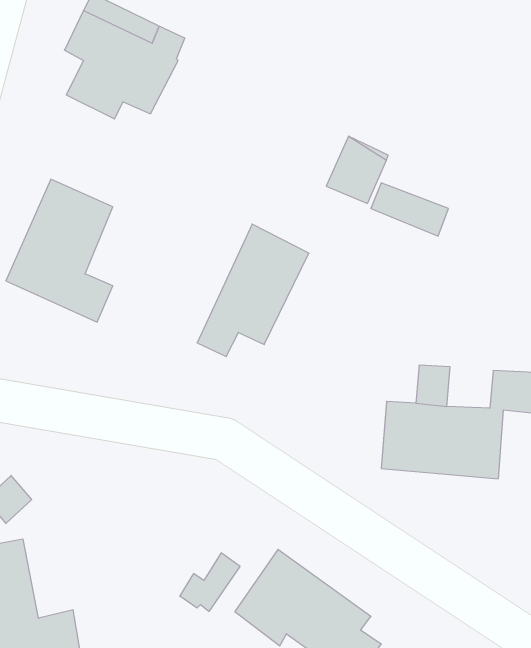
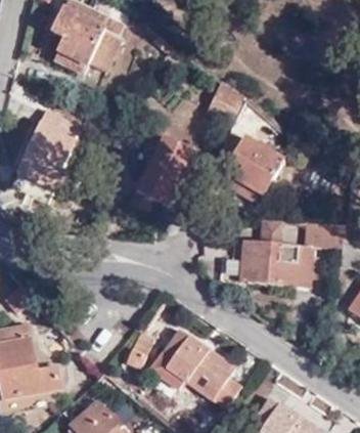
building: none -> [230,136,282,194]

